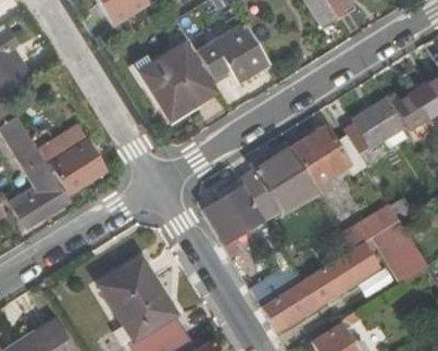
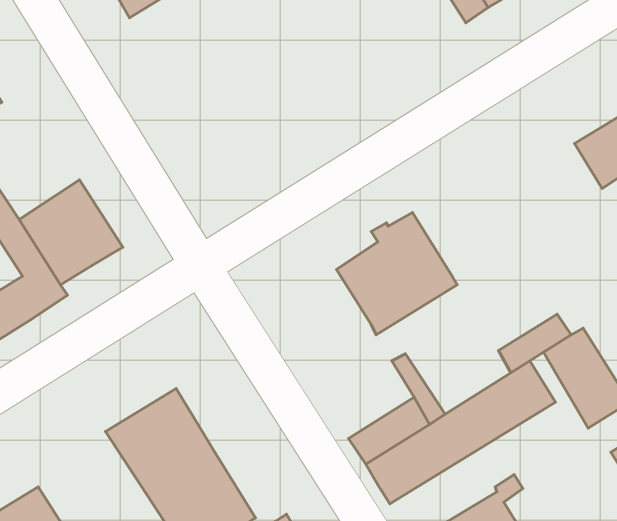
building: [198,22,271,83] -> none
building: [139,42,215,120] -> none
building: [353,98,409,150] -> none
building: [290,120,364,187] -> none
building: [209,183,264,243] -> none

